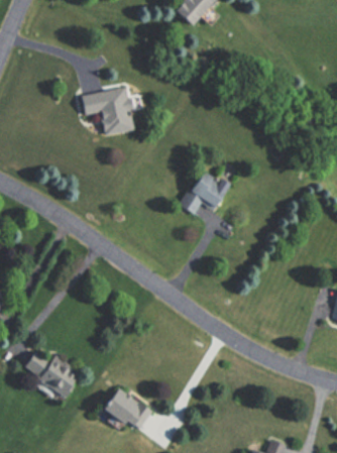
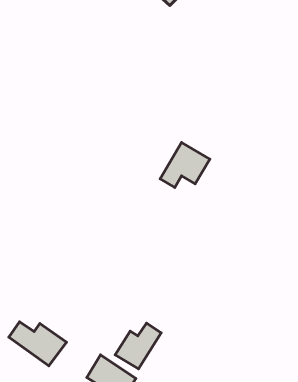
building: [82,86,139,136] -> none
building: none -> [115,323,161,369]

